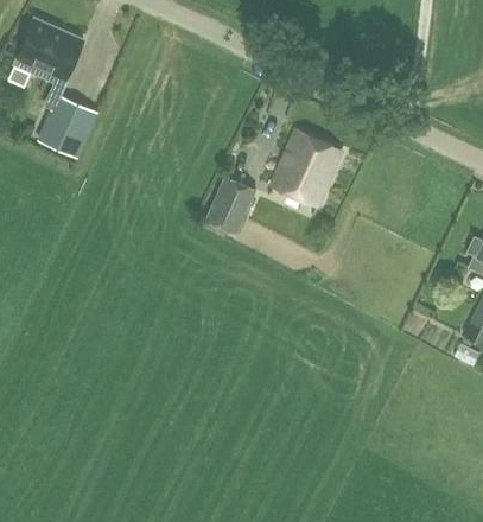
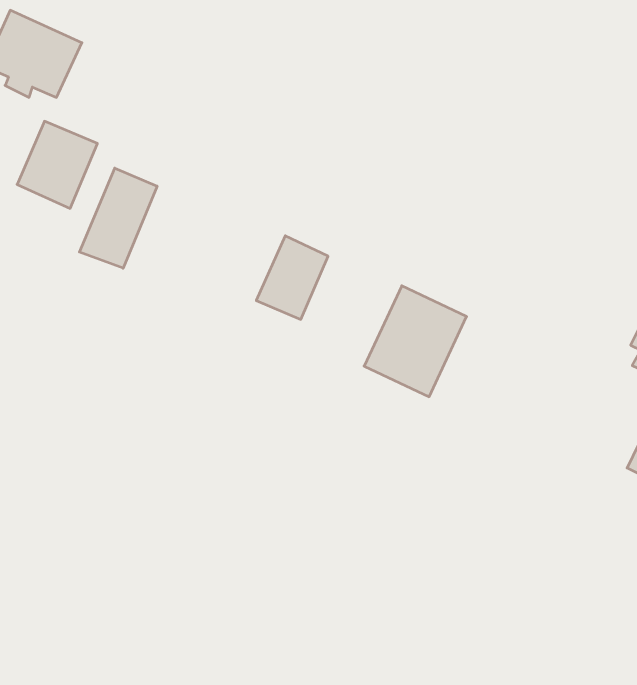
building: none -> [79,168,157,268]
building: [271,129,342,206] -> [364,286,467,397]

